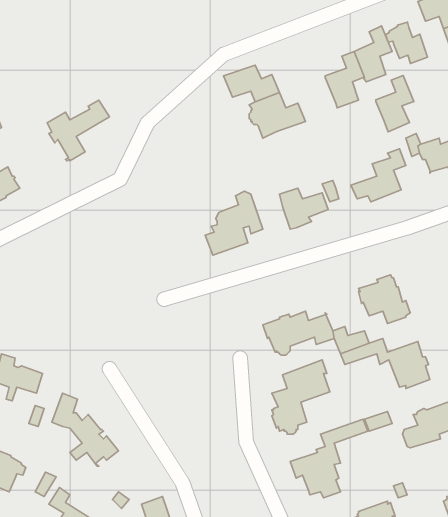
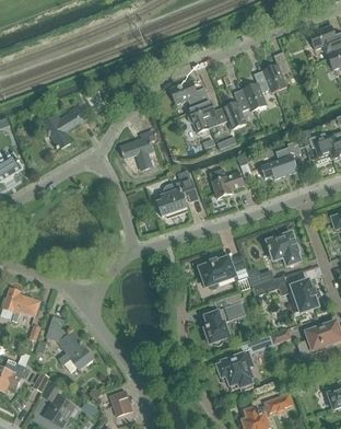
building: [386,22,428,64] -> none
building: [376,76,414,132] -> [222,89,249,129]
building: none -> [120,130,154,170]

